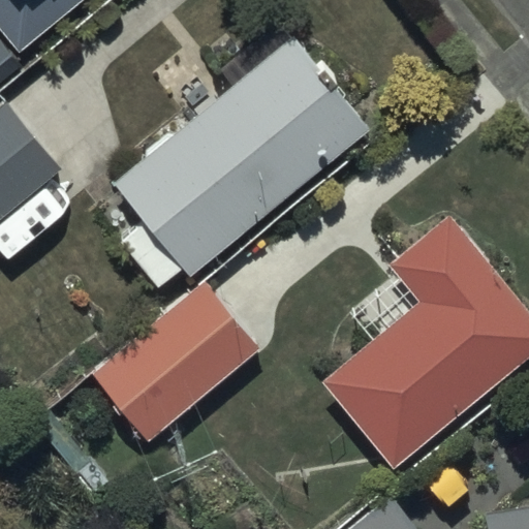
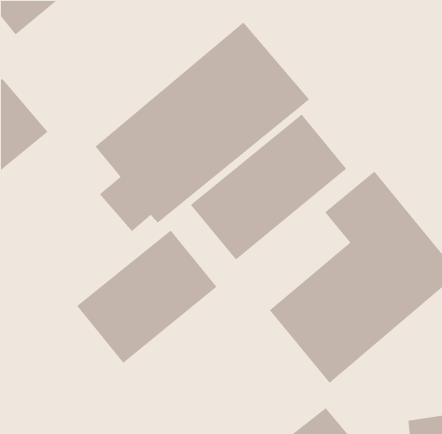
building: none -> [190,113,347,260]

